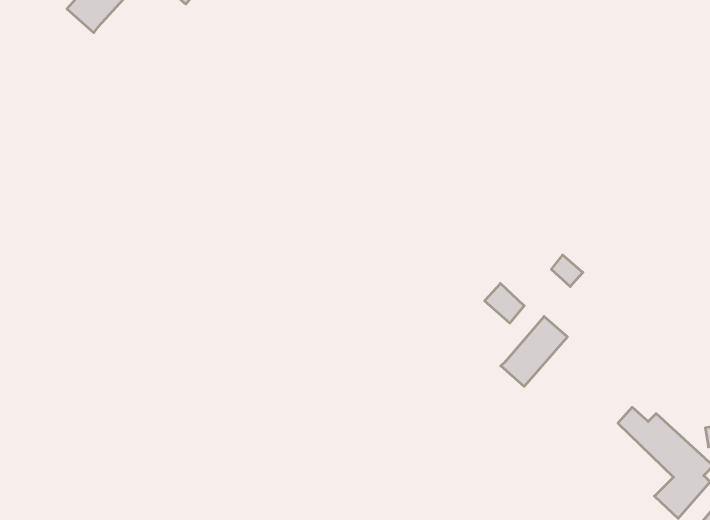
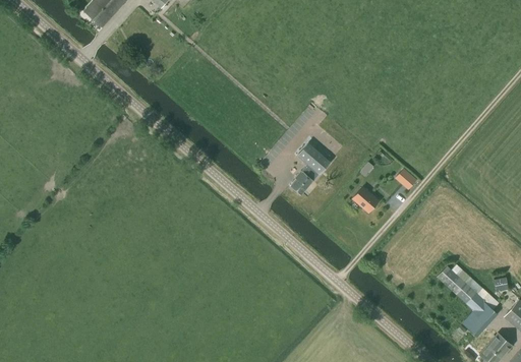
building: none -> [291,141,330,193]
building: [501,316,567,386] -> none

